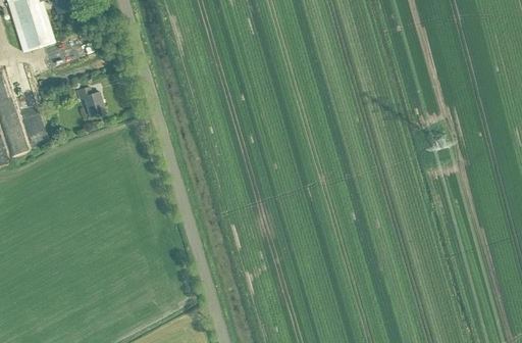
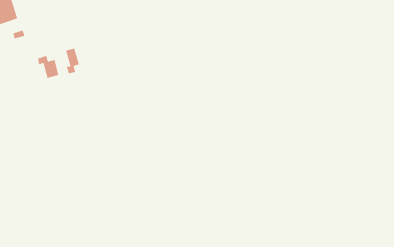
building: none -> [65,48,80,74]

